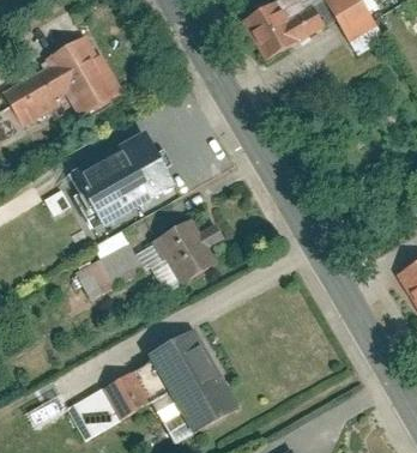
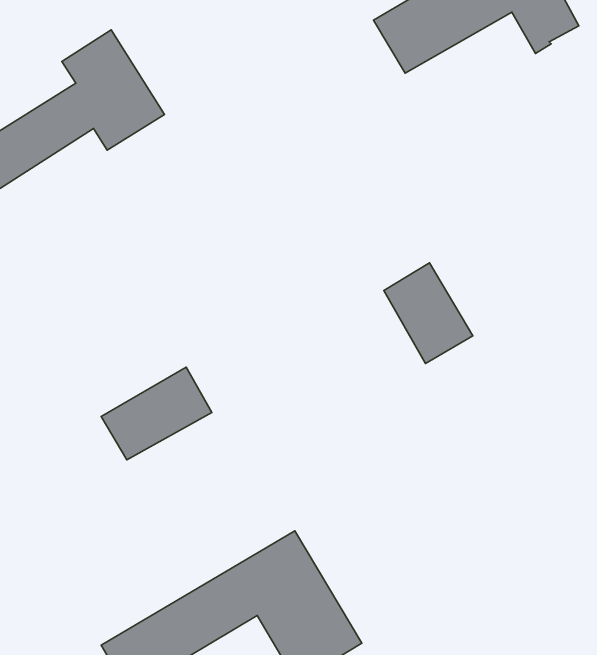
building: [72,134,177,231] -> none
building: [163,216,217,277] -> [384,263,473,363]

